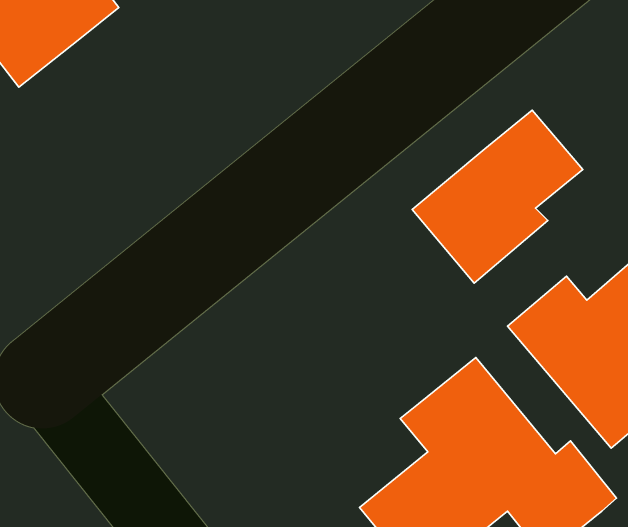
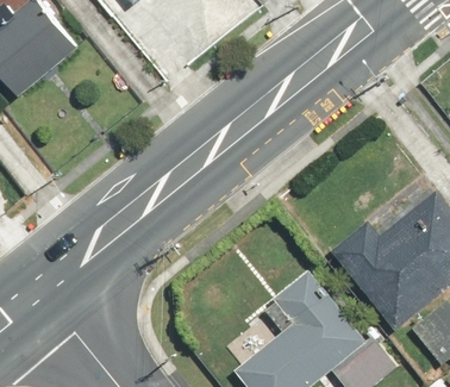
building: [412,110,583,283] -> none

